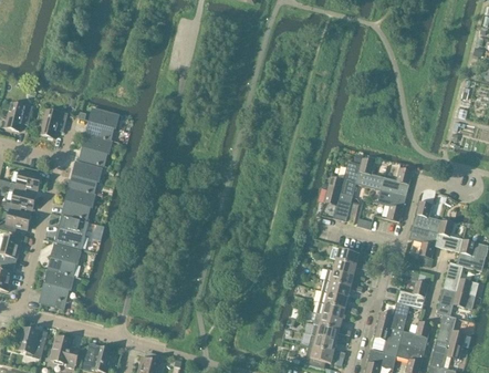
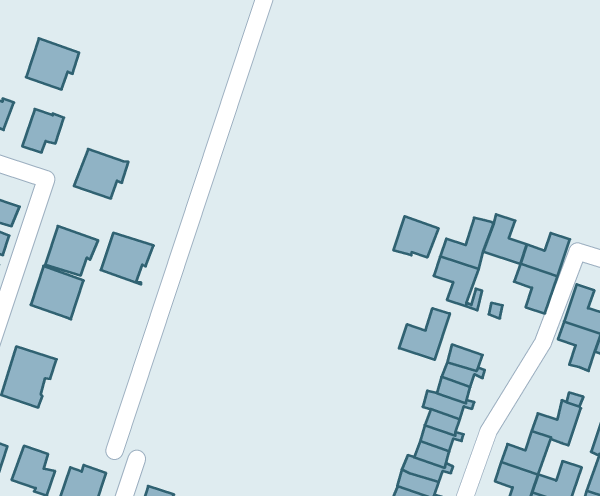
building: [85,106,119,139] -> [26,38,79,89]
building: [69,160,103,194] -> [101,233,154,284]
building: none -> [394,216,438,257]
building: none -> [399,308,450,360]
building: [46,242,81,276] -> none

